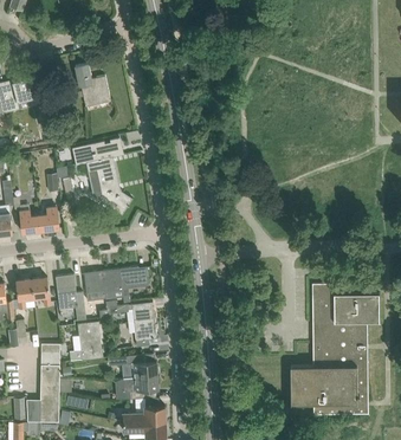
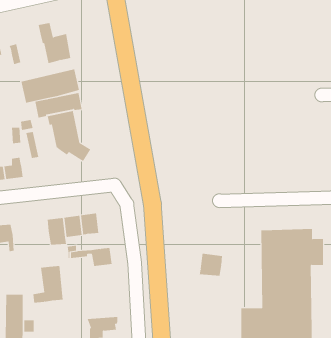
building: none -> [21,68,79,103]
building: [54,274,85,321] -> none
building: none -> [199,253,223,277]
building: [127,321,156,347] -> none
building: [117,355,160,378] -> none

